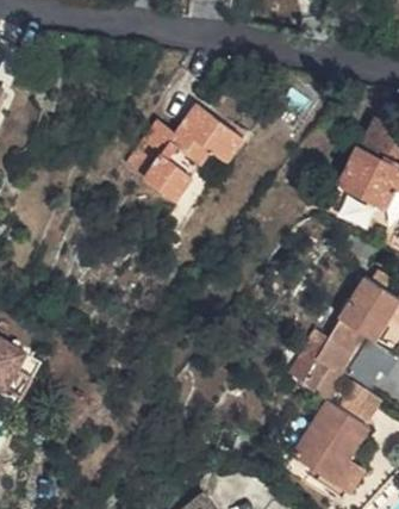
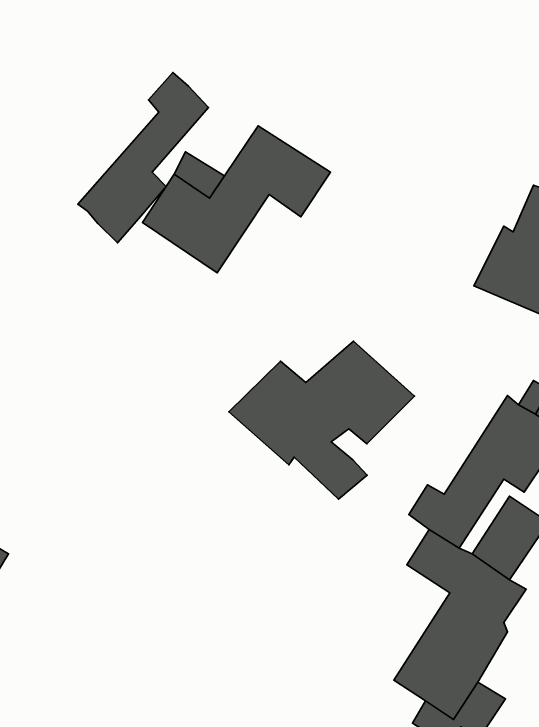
building: none -> [78,72,208,243]
building: none -> [229,341,415,499]

